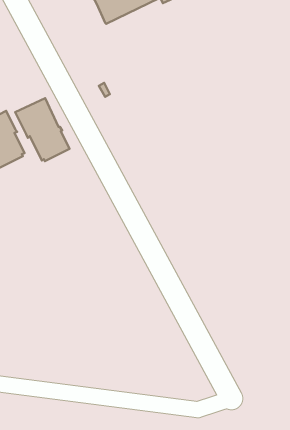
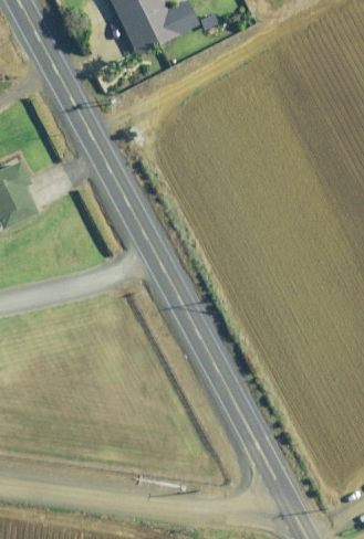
building: [15,98,70,161] -> none

